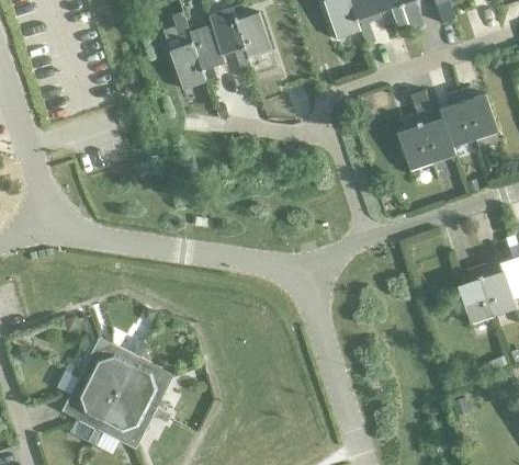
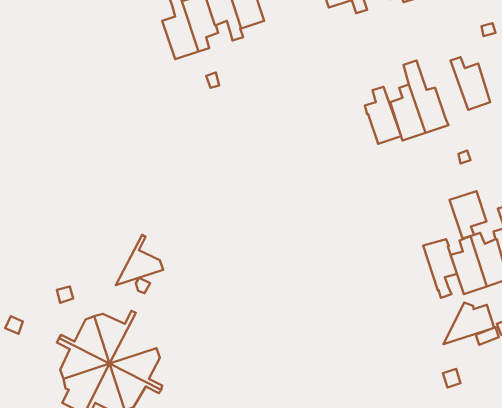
building: [440,90,476,147] -> [365,87,401,144]
building: none -> [449,191,487,239]
building: none -> [423,239,457,298]
building: none -> [444,302,494,344]
building: [117,342,165,393] -> [116,235,163,285]

